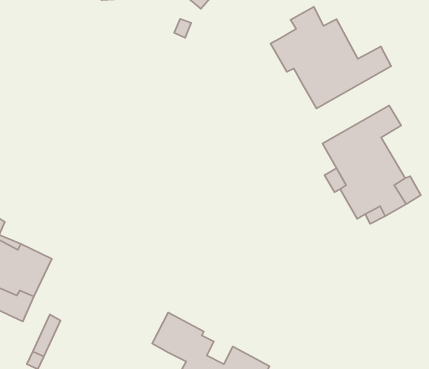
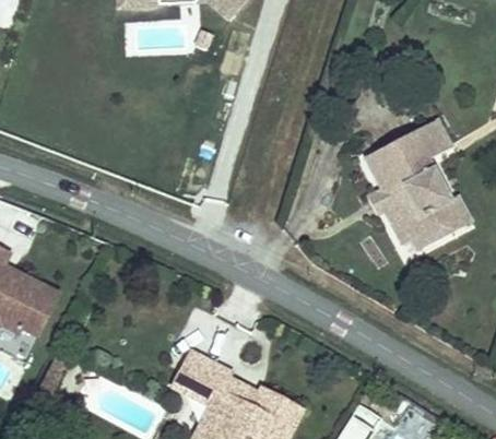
building: [271,7,391,108] -> none

